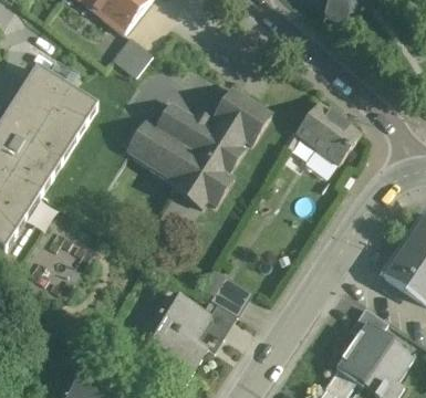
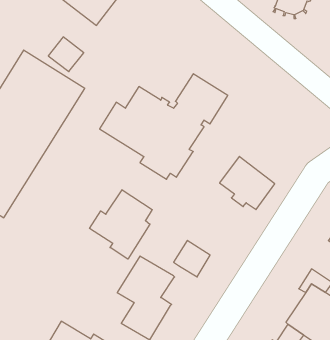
building: [112,36,152,75] -> [48,37,84,72]
building: [297,103,359,163] -> [220,156,275,210]
building: none -> [90,190,152,259]
building: [195,303,236,352] -> none

